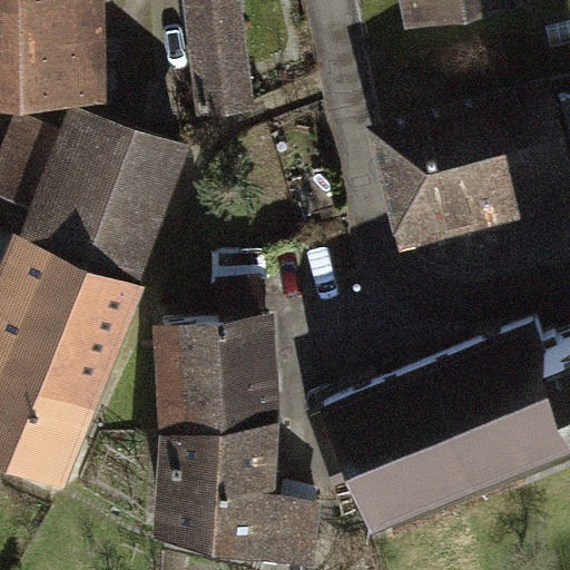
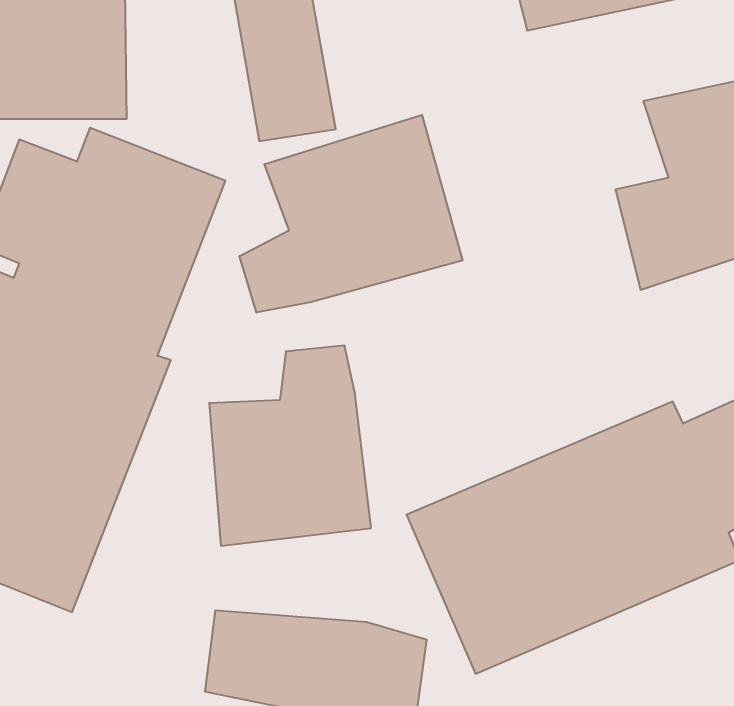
building: [374,96,509,265] -> none
building: none -> [239,115,463,313]
building: [166,419,284,490] -> none

